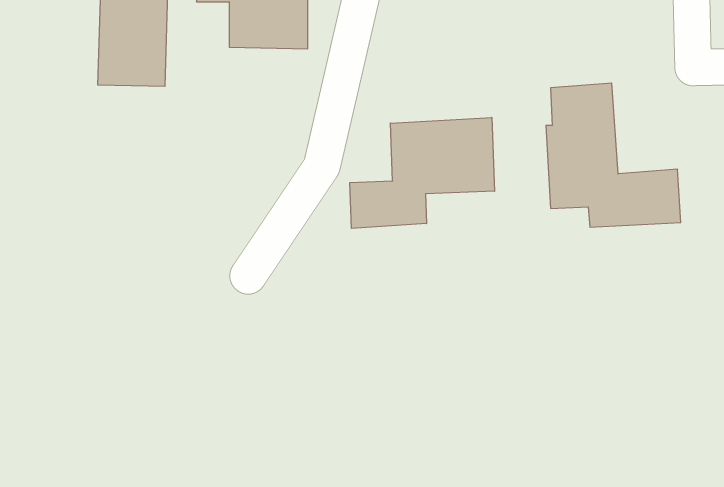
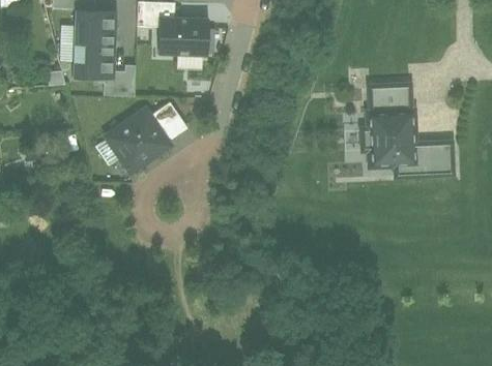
building: none -> [100,98,189,174]
building: [350,117,495,228] -> none

